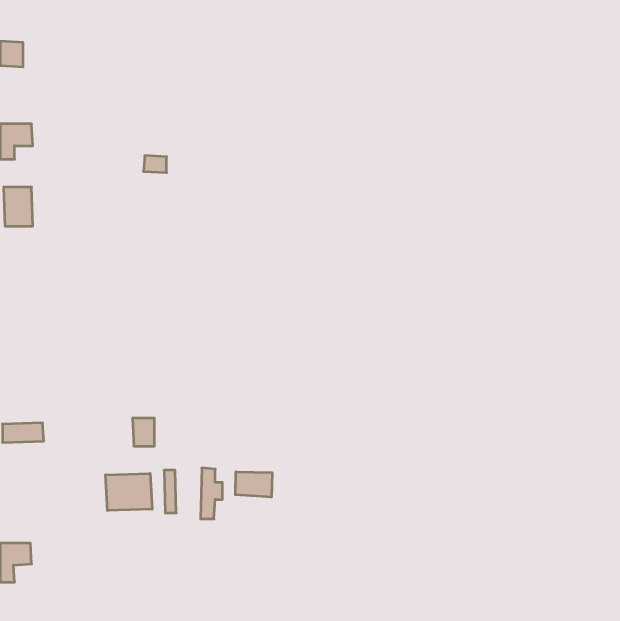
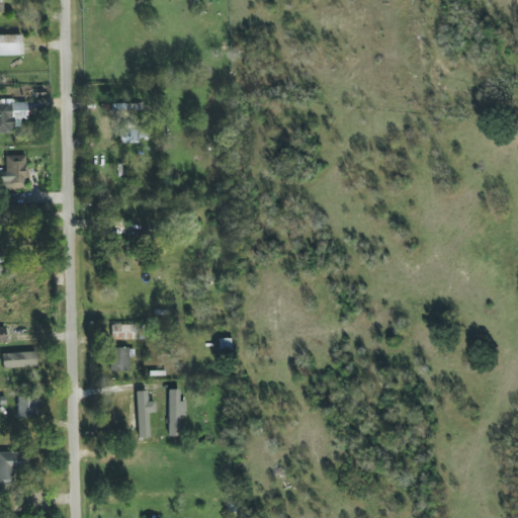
building: none -> [112,324,149,340]
building: [235,472,272,497] -> none
building: [106,473,152,511] -> none
building: none -> [18,397,39,418]

